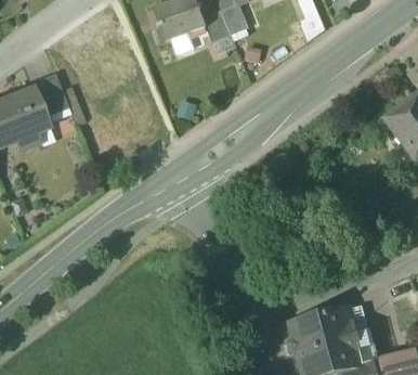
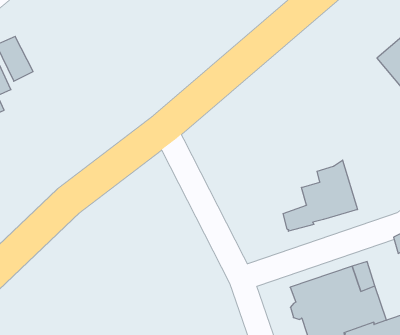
building: none -> [283,160,357,231]

